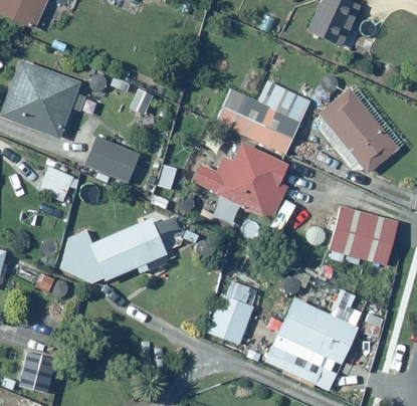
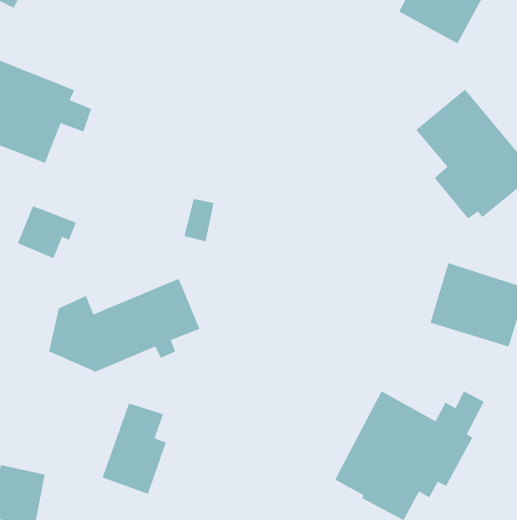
building: [213,80,310,156] -> none
building: [83,135,139,190] -> none
building: [191,140,288,221] -> none
building: [208,279,254,345] -> [101,402,167,495]

